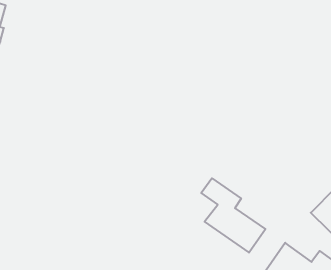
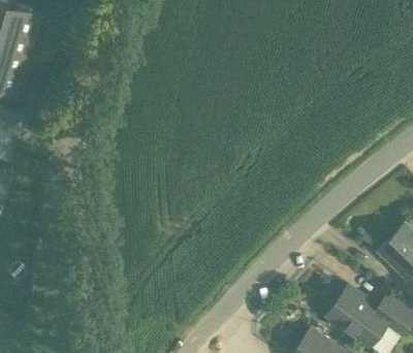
building: [201,178,265,253] -> none

